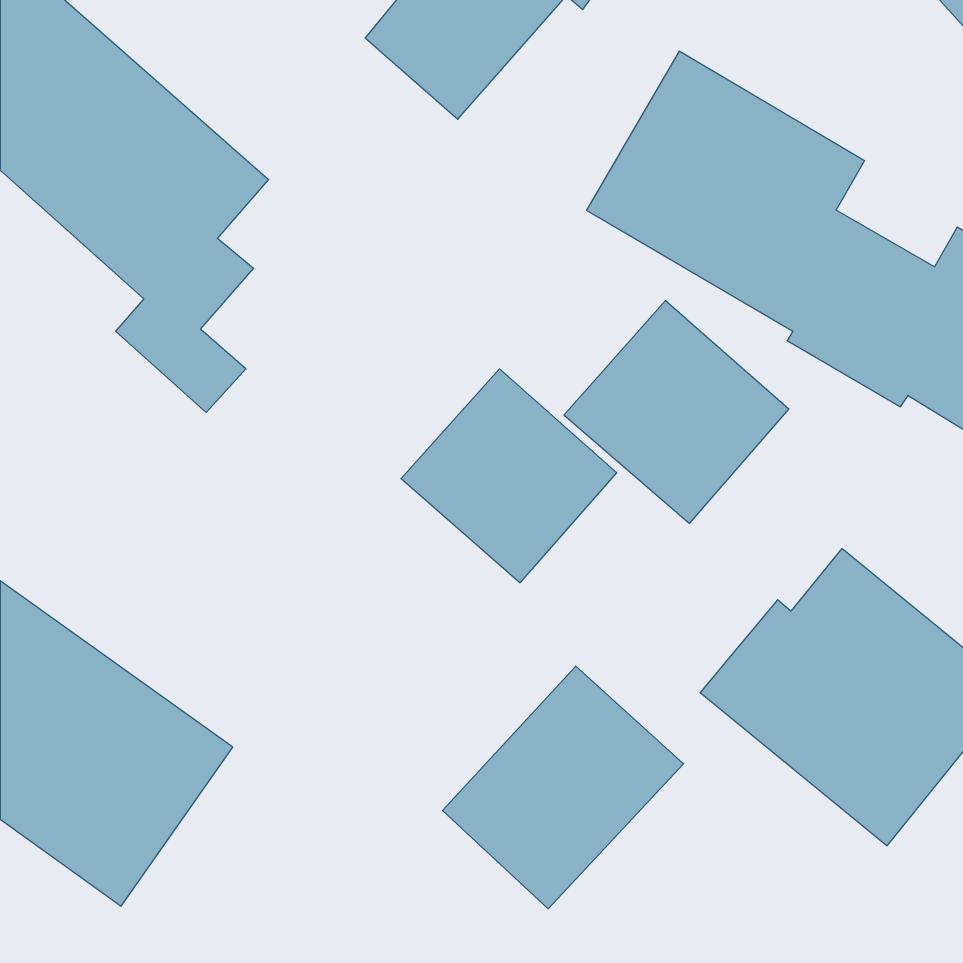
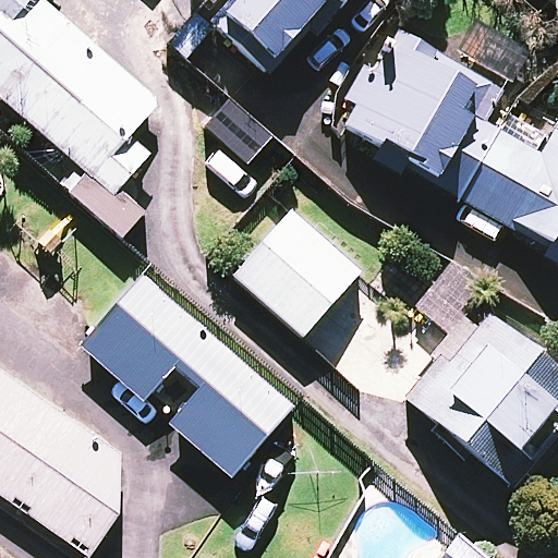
building: [564,301,789,523] -> none
building: none -> [98,252,298,445]
building: [442,666,684,909] -> none

